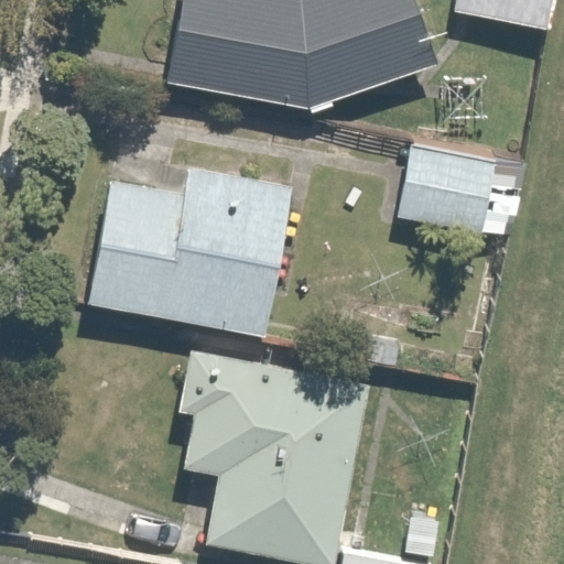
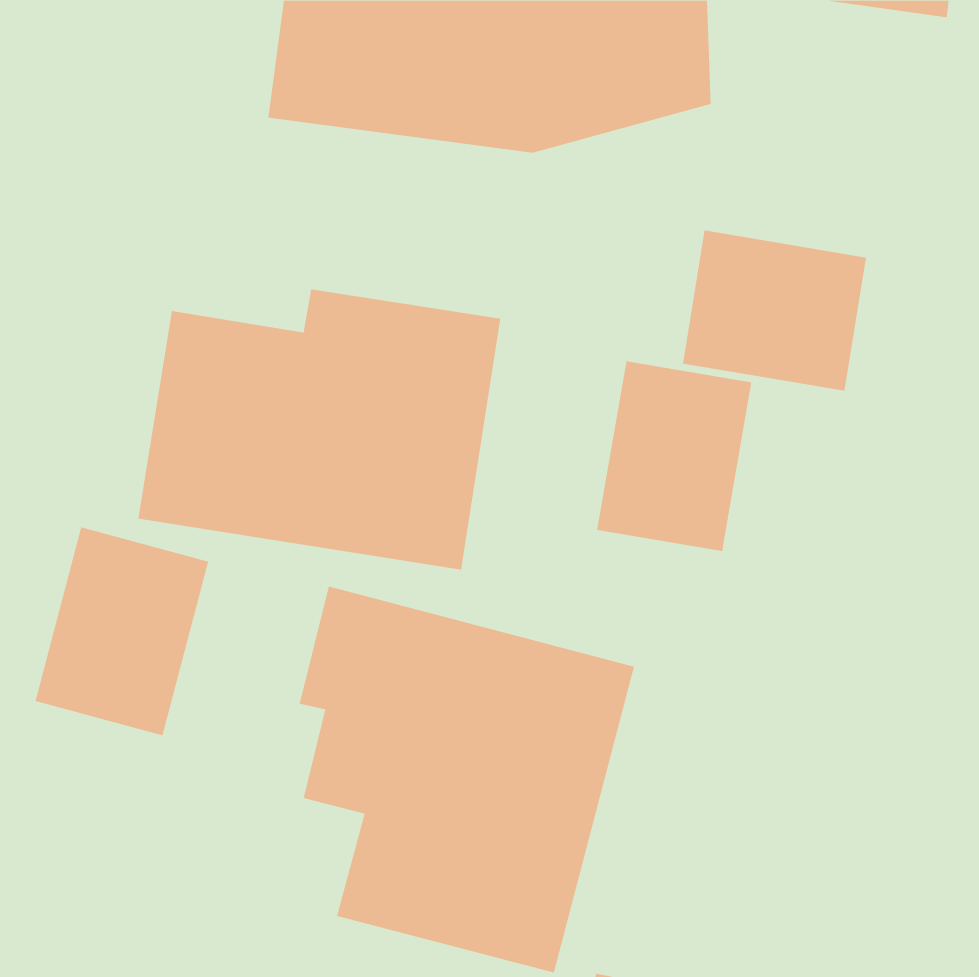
building: none -> [597,361,752,552]
building: none -> [35,526,209,736]

